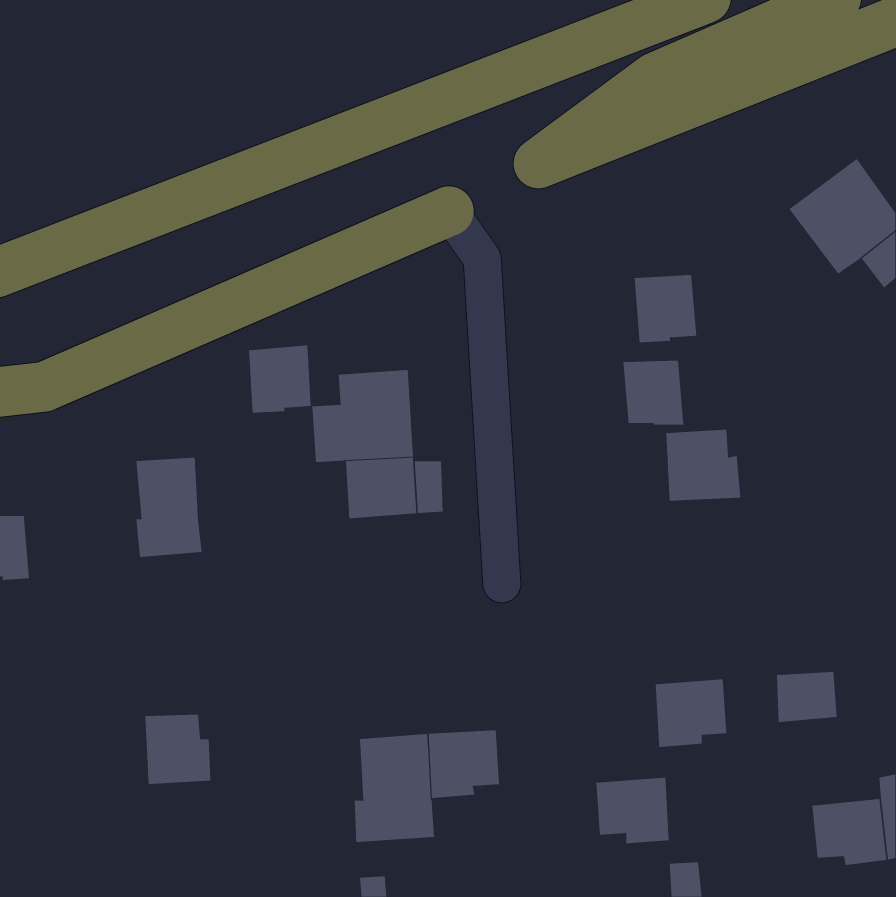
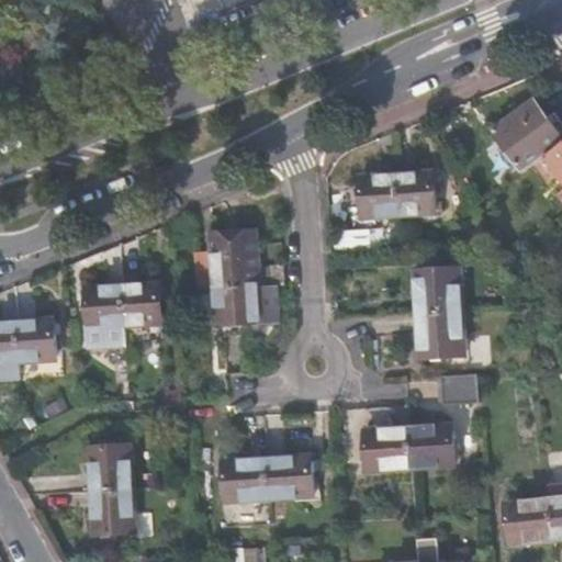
building: [248,345,312,413] -> [122,282,161,325]
building: [623,360,684,425] -> [360,173,398,214]
building: none -> [417,311,463,357]
building: none -> [15,318,55,361]
building: [776,671,838,722] -> [440,372,479,404]
building: [596,777,670,844] -> [364,427,411,469]
building: none -> [92,487,133,533]

